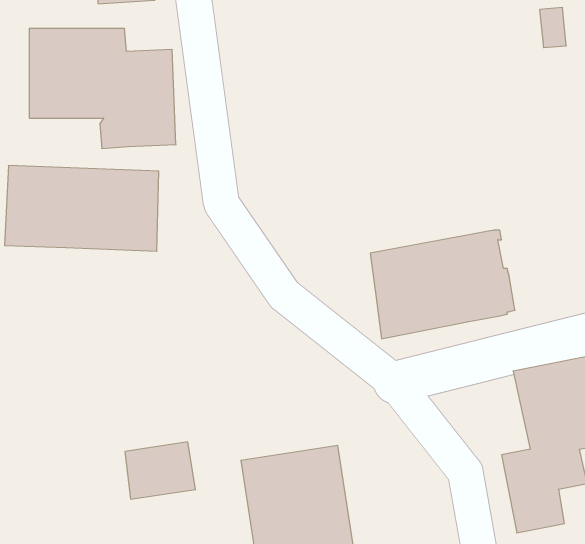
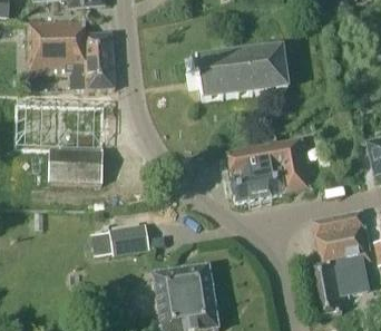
building: none -> [185,48,289,100]
building: none -> [50,149,104,184]
building: [125,442,195,499] -> [109,223,150,256]

